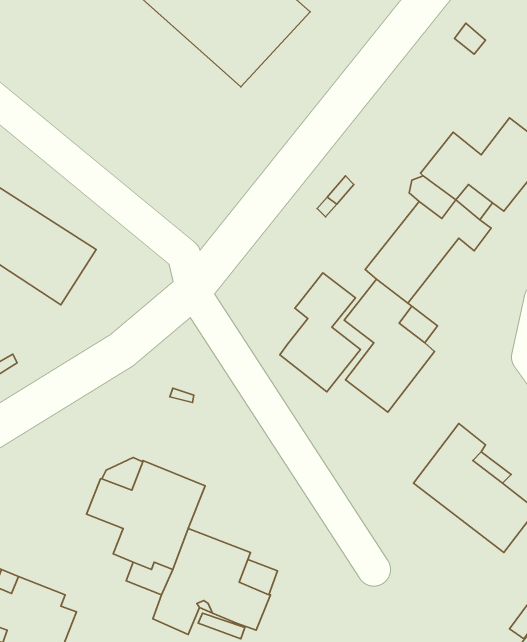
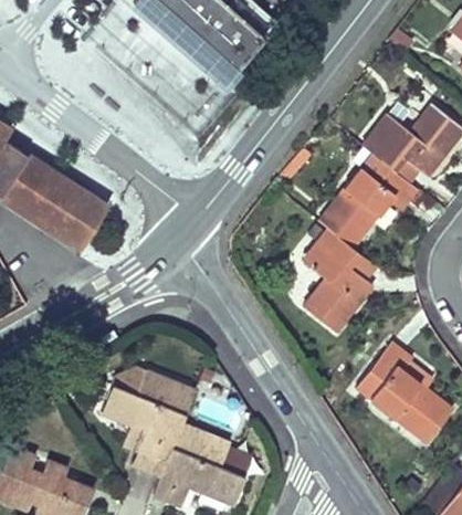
building: [280,273,360,392] -> none

